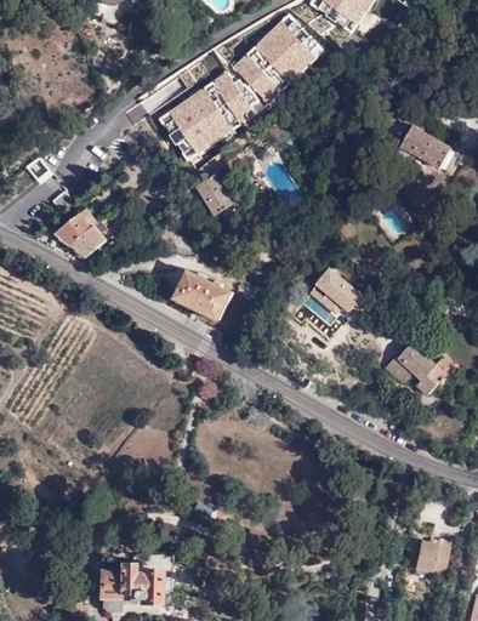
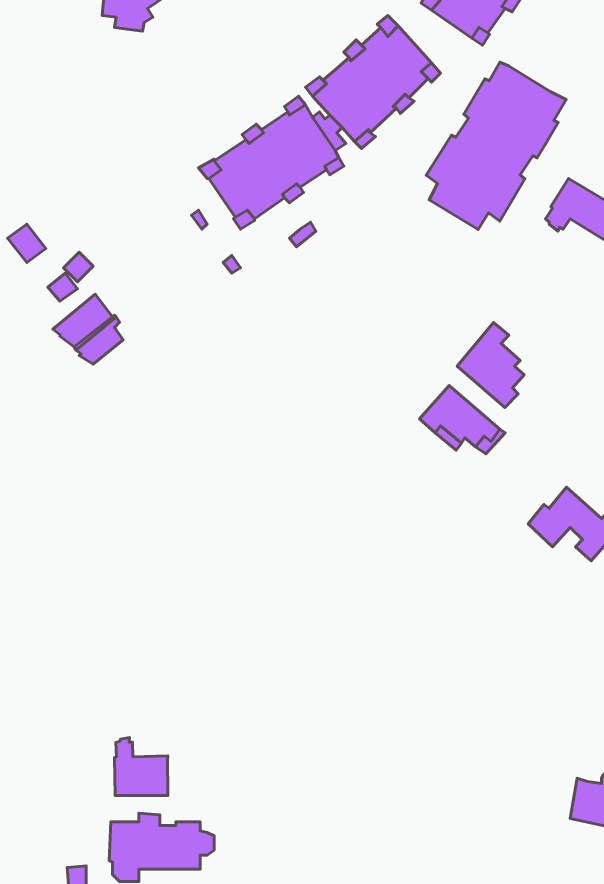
building: none -> [426,62,566,229]
building: [198,172,234,229] -> none
building: none -> [457,323,524,407]
building: [176,270,233,320] -> none
building: none -> [115,738,168,795]

